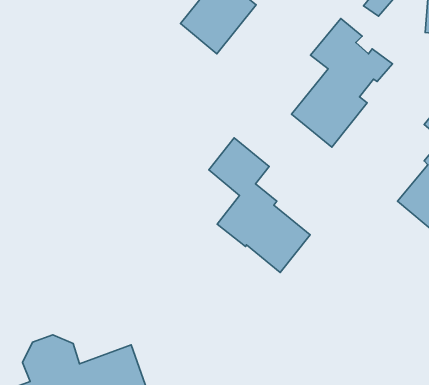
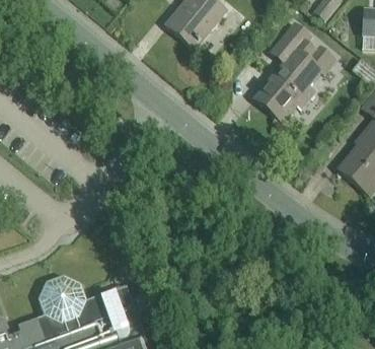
building: [209,138,310,272] -> none

